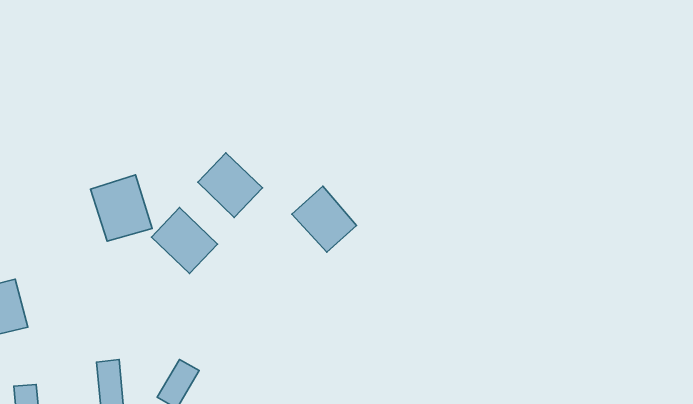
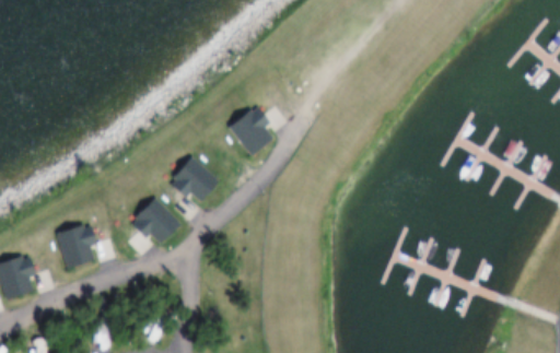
building: [90,175,152,241] -> [52,221,101,272]
building: [292,186,356,252] -> [226,107,277,158]

